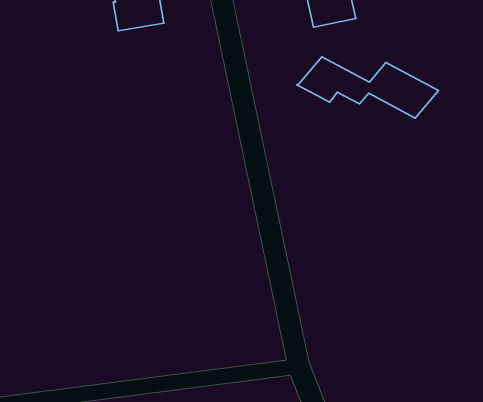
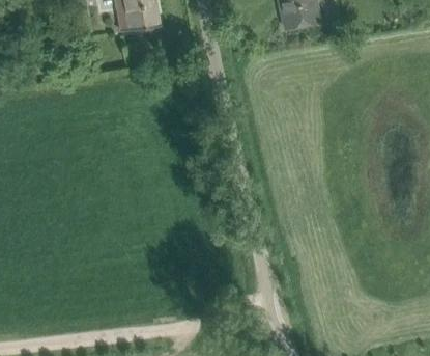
building: [297,57,438,118] -> none

